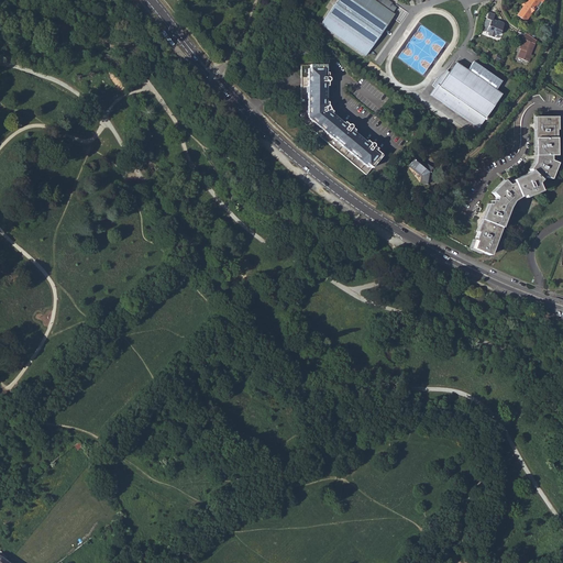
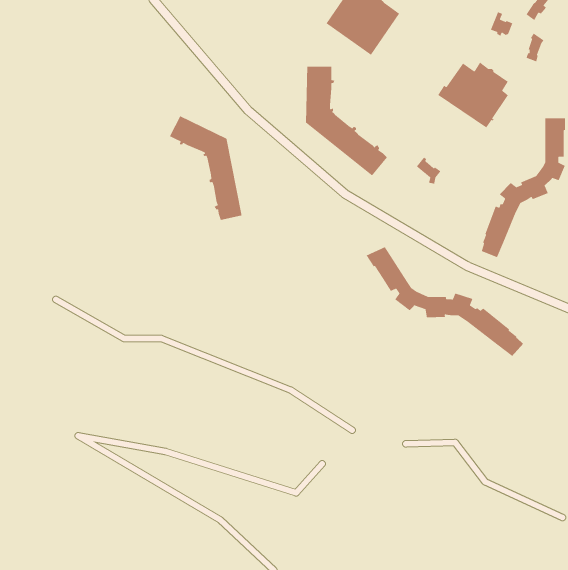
building: none -> [169,115,242,221]
building: none -> [366,246,524,357]

